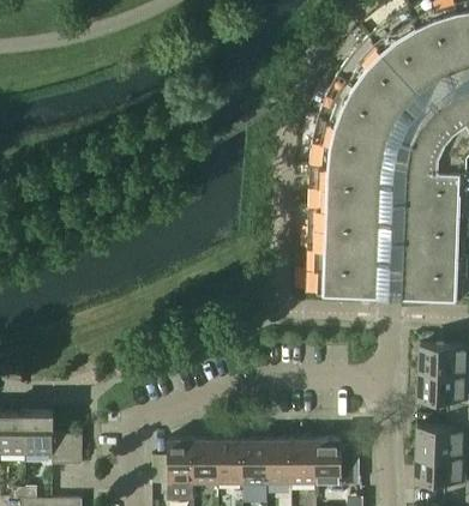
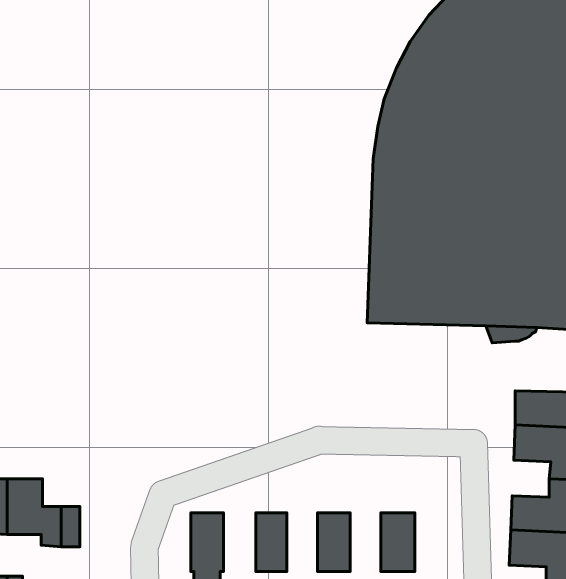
building: [193,440,218,486] -> none
building: [242,440,266,486] -> none
building: [291,440,315,486] -> none

